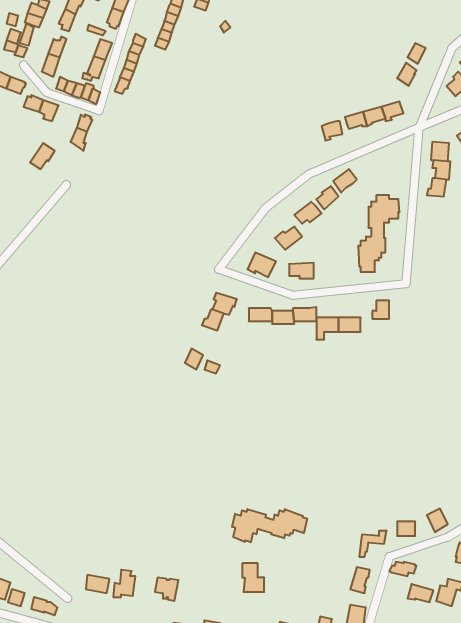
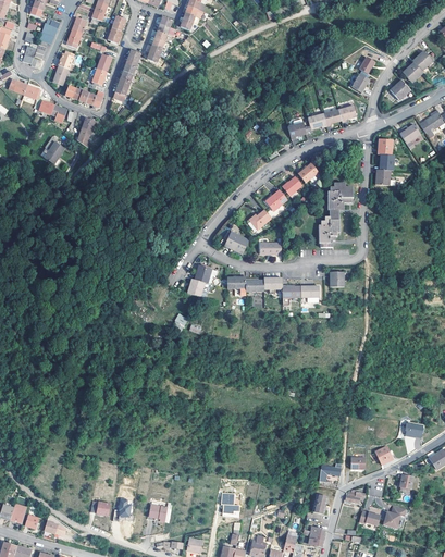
building: [232,509,307,542] -> none

